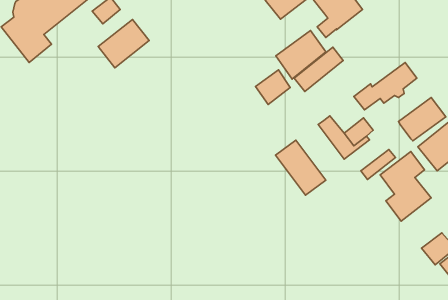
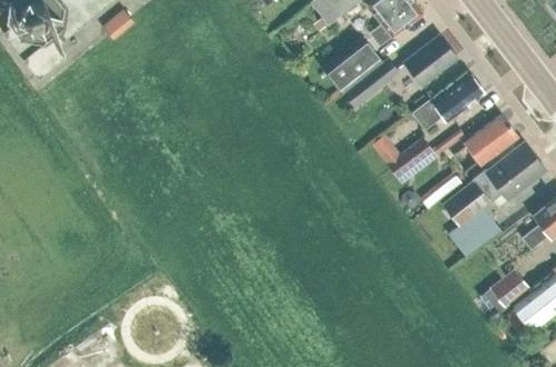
building: [98,19,149,68] -> none
building: none -> [404,34,457,85]
building: [256,70,290,104] -> none
building: [276,140,326,195] -> none

